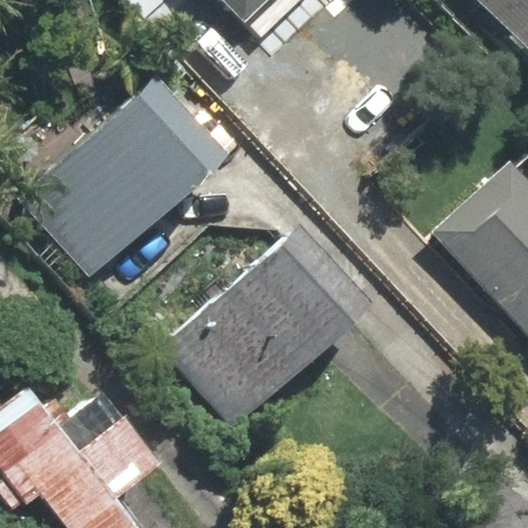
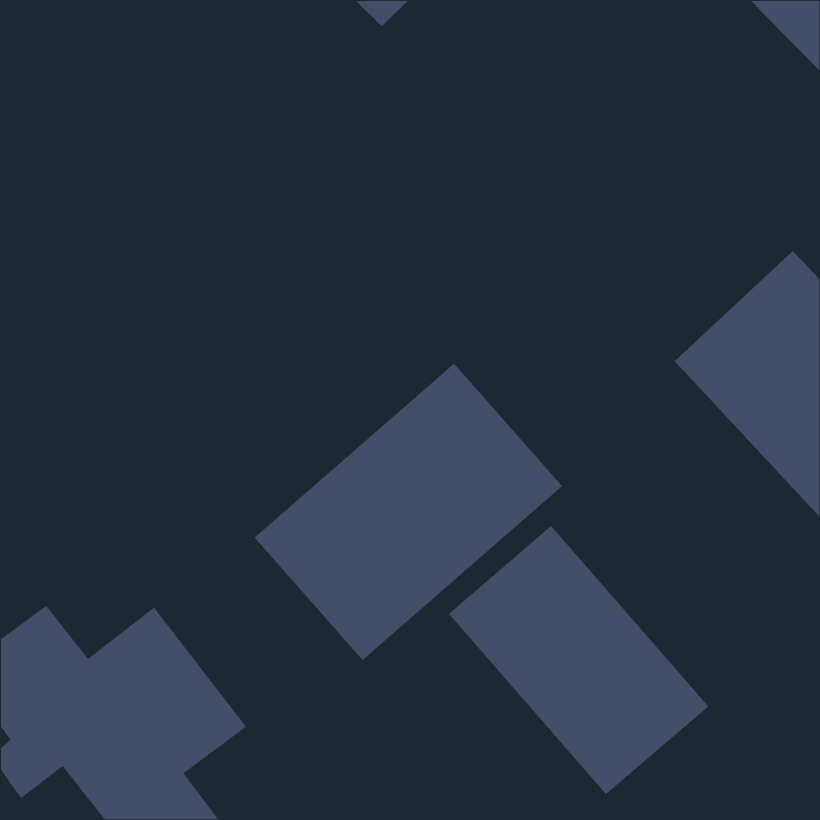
building: [23,80,225,274] -> none
building: none -> [448,525,709,795]

